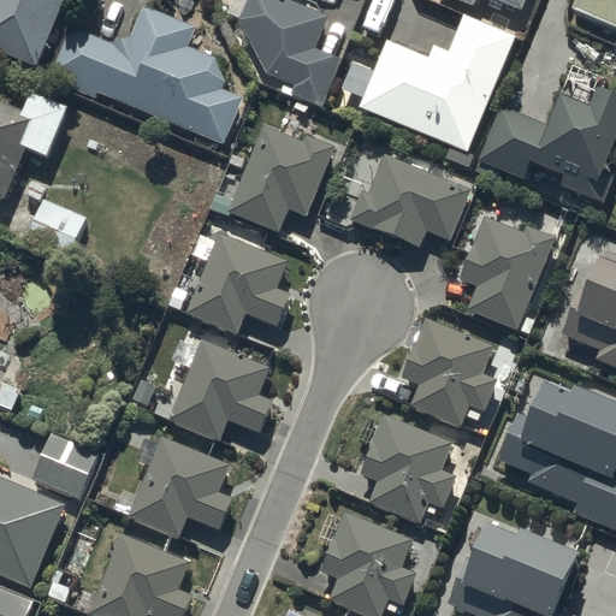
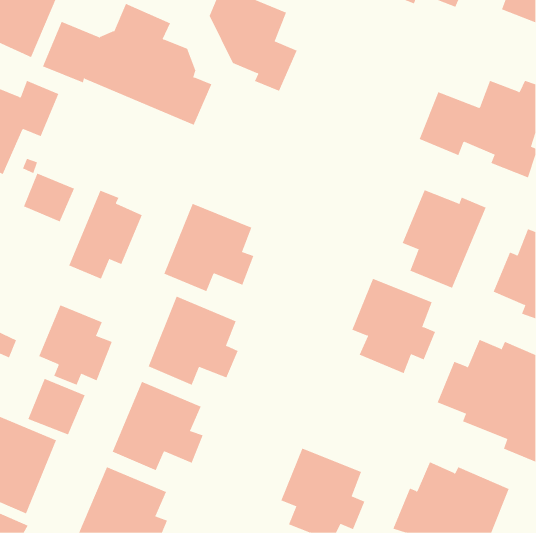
building: [359,13,515,150] -> none
building: [227,124,334,231] -> none
building: [349,154,470,247] -> none
building: none -> [68,190,142,279]
building: none -> [38,304,113,386]
building: [360,414,455,522] -> none

